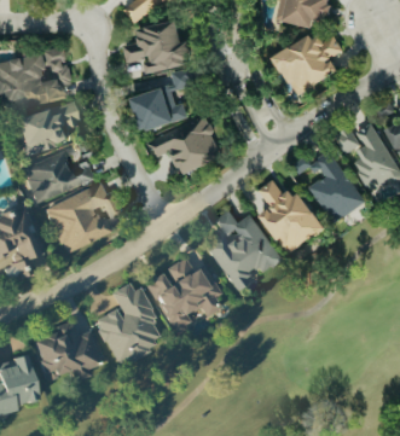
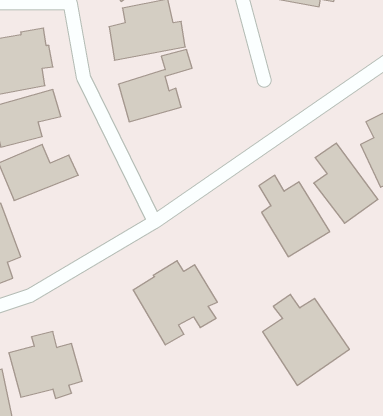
building: [273,31,342,95] -> none
building: [145,116,221,174] -> none
building: [42,184,124,255] -> none
building: [203,210,282,292] -> [263,294,349,385]
building: [93,283,164,365] -> none

